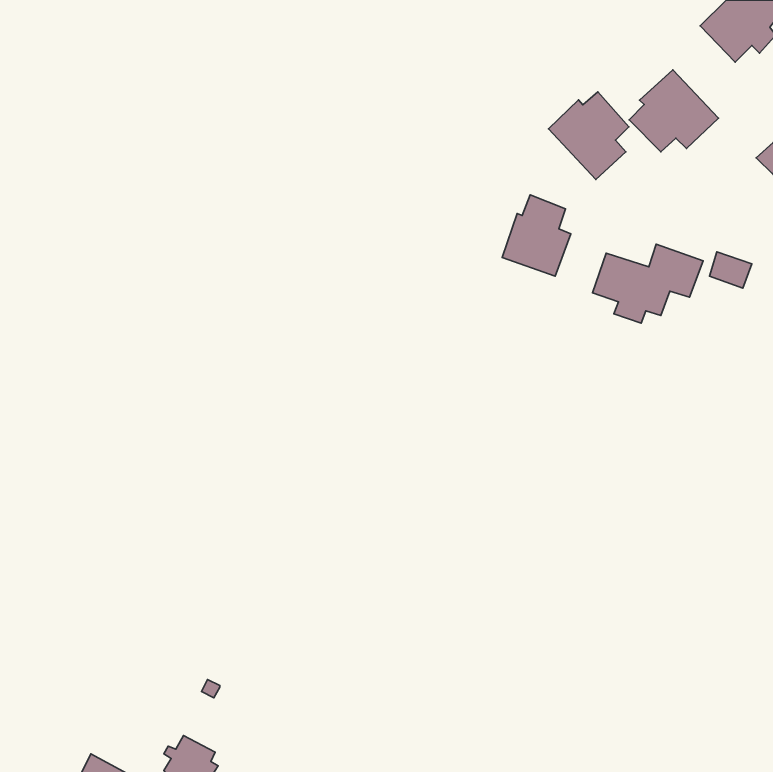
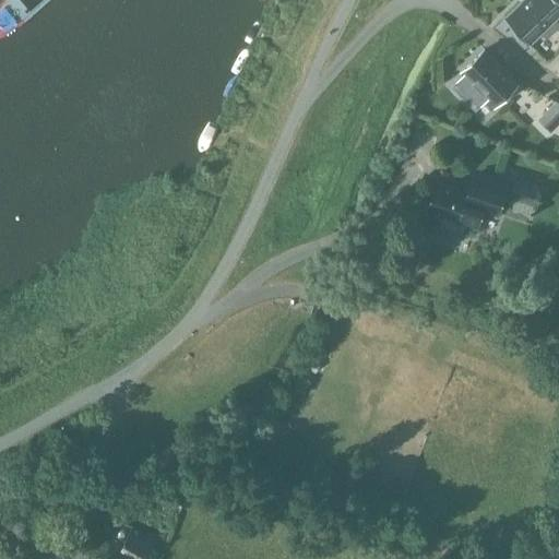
building: [548,92,629,179] -> none
building: [502,195,571,276] -> none

